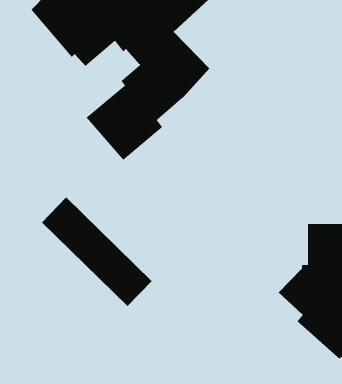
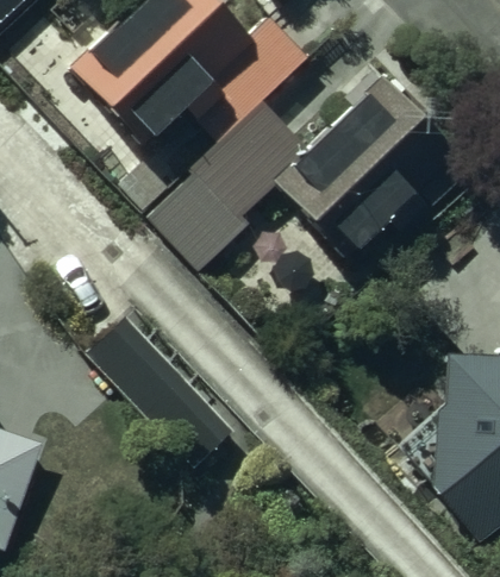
building: none -> [277,73,463,257]

